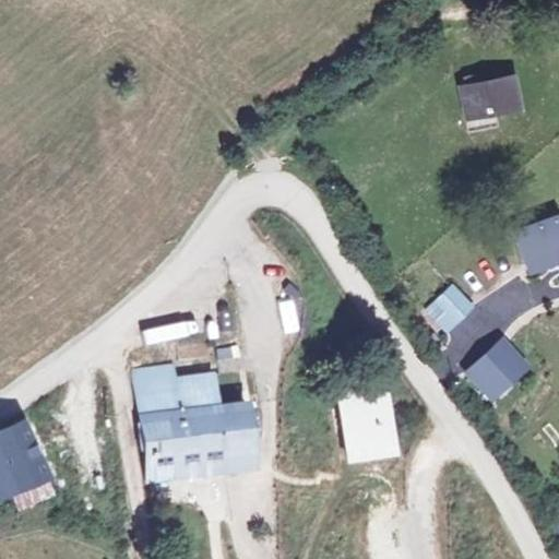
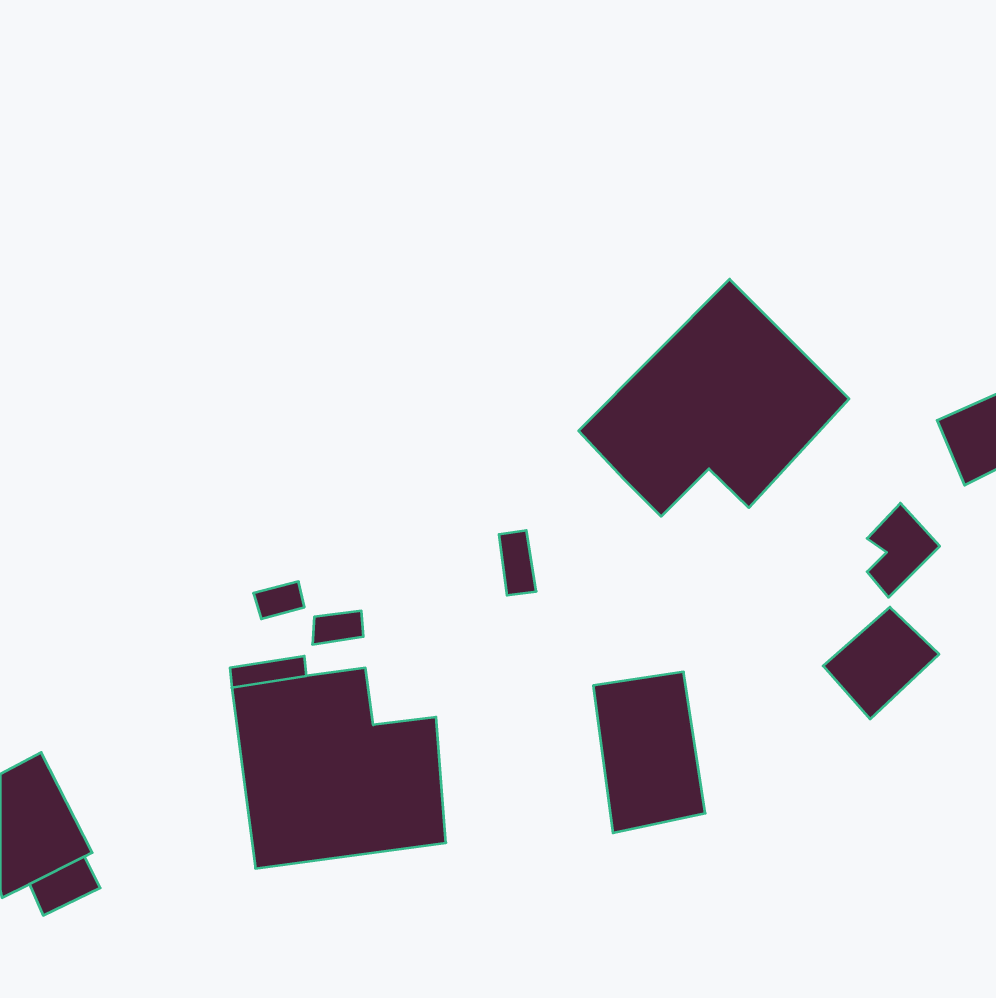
building: [471,75,525,118] -> none
building: none -> [579,279,849,516]
building: [437,280,477,332] -> [867,503,940,597]

